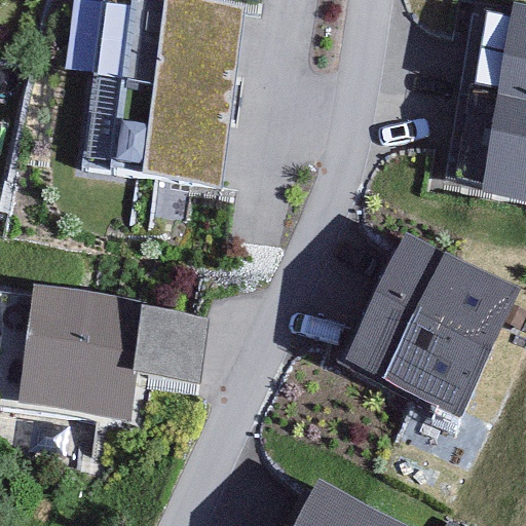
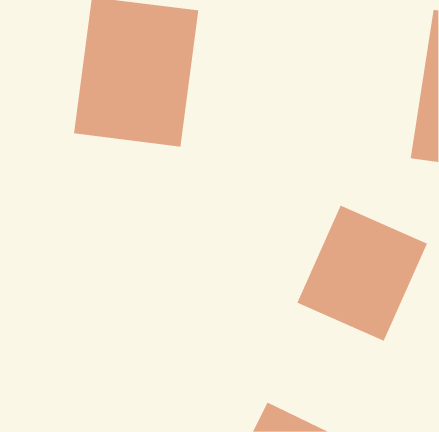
building: [16,290,202,422] -> none

